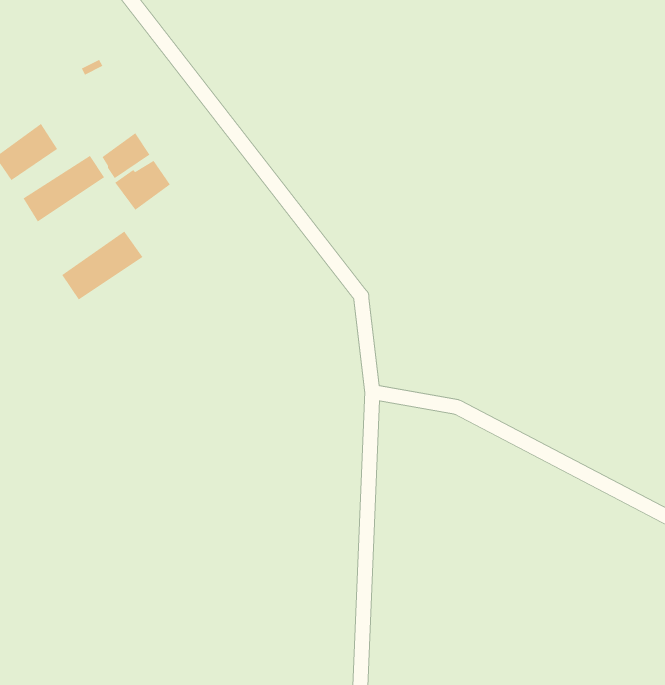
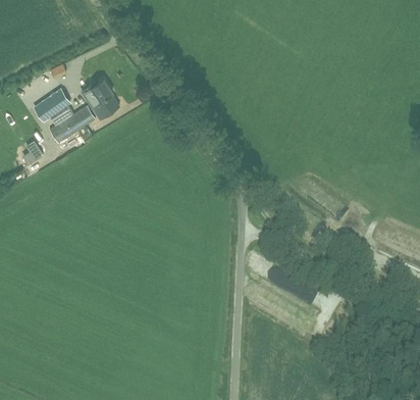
building: [114,160,171,211] -> [82,80,112,107]
building: [61,231,144,301] -> none

